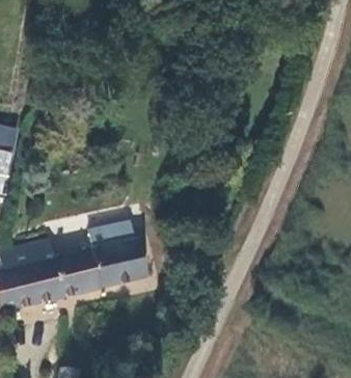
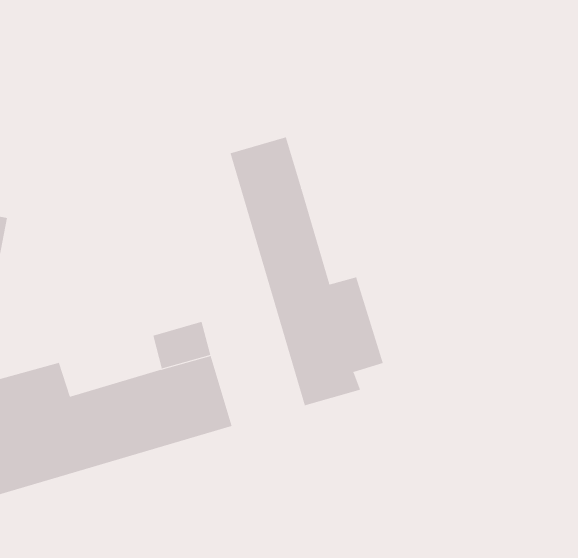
building: none -> [230,137,383,406]

